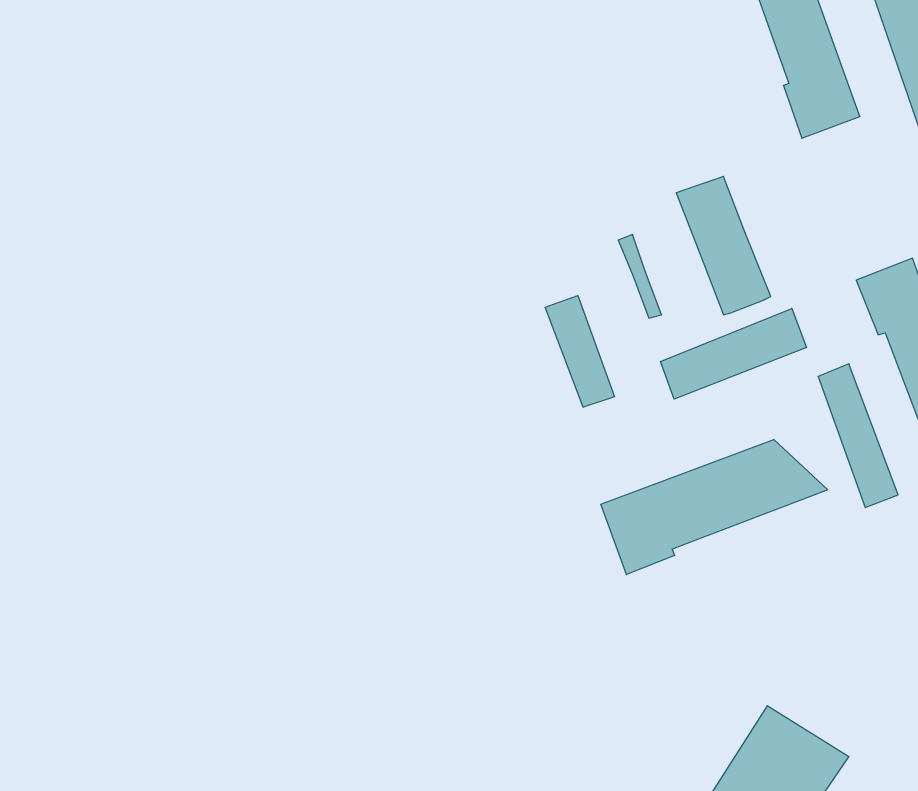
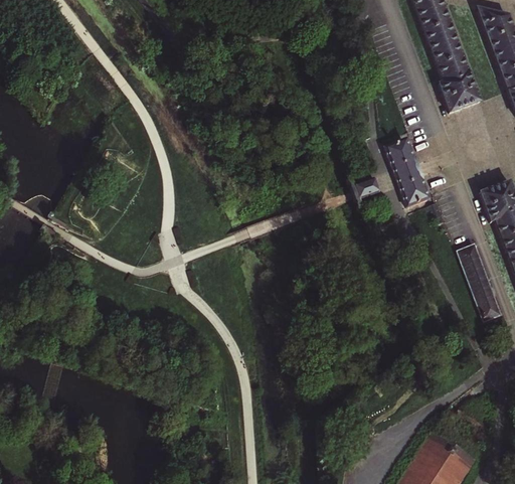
building: [545,296,615,407] -> none
building: [661,308,806,399] -> none
building: [601,439,828,575] -> none

